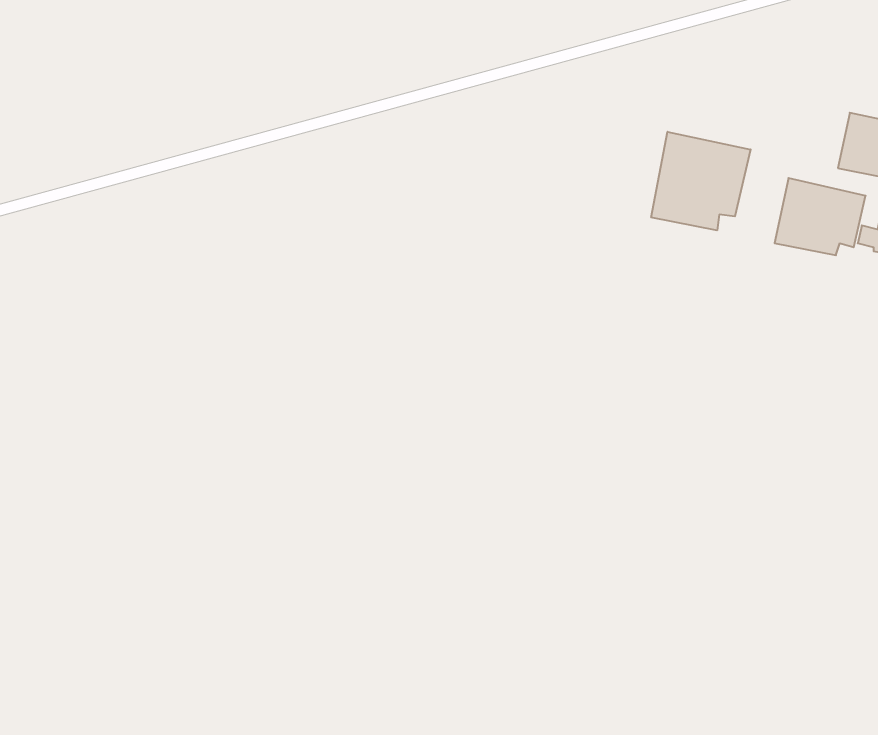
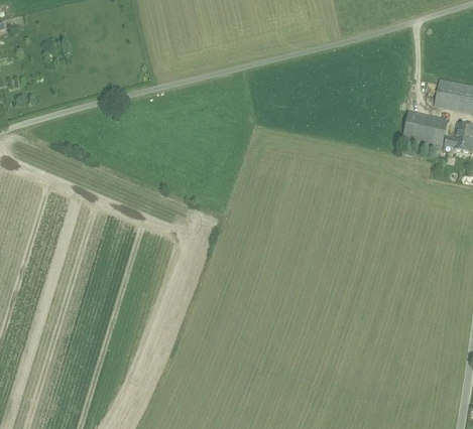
building: [651,132,751,230] -> none

